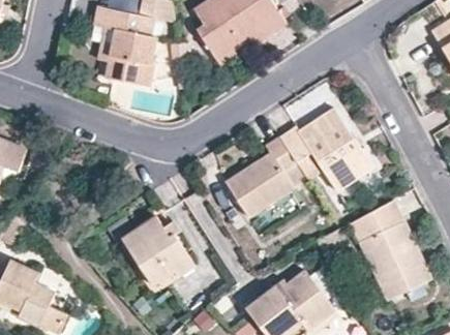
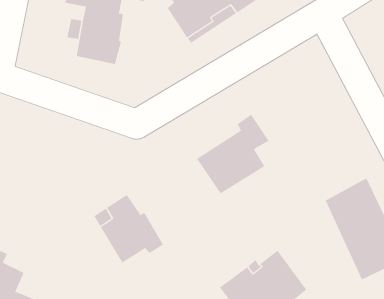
building: [279,106,372,190] -> none

